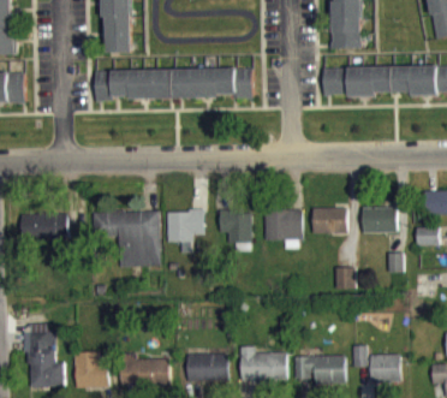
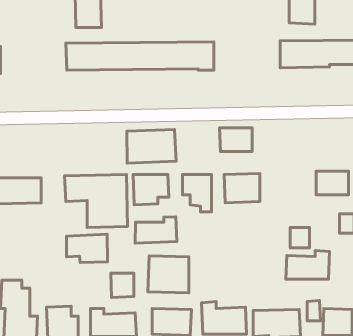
building: none -> [127,129,176,163]
building: [311,208,346,233] -> [219,128,252,151]
building: none -> [135,217,177,243]
building: none -> [66,234,108,262]
building: none -> [286,250,330,279]
building: none -> [148,256,189,293]
building: none -> [111,273,134,298]

